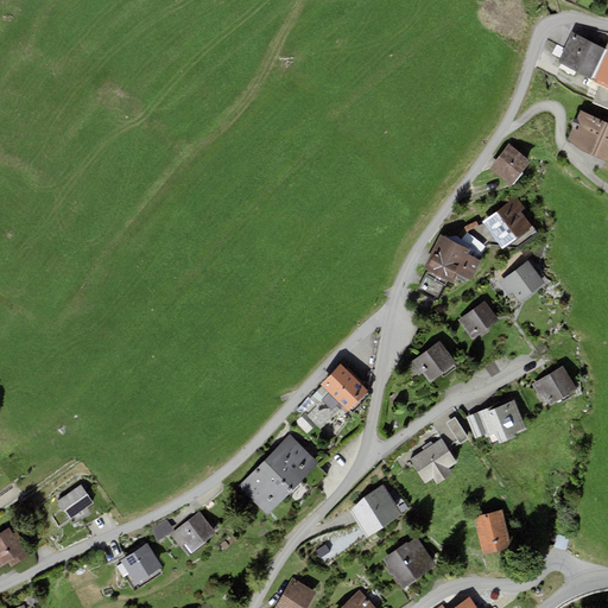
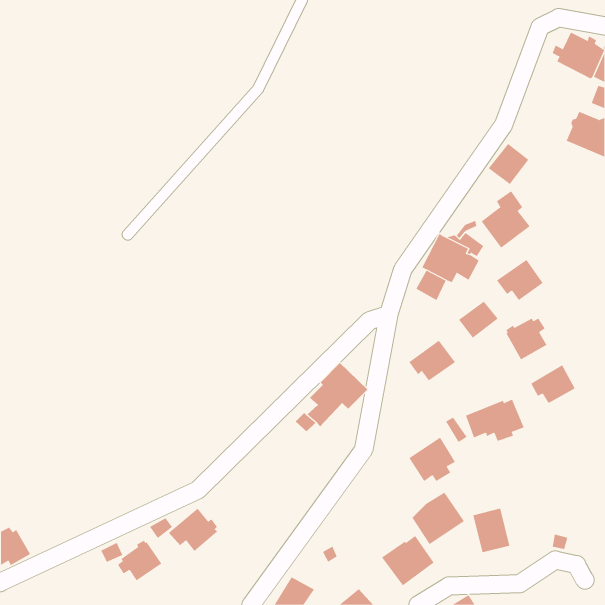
building: none -> [505,318,547,360]
building: [239,435,318,514] -> none
building: [350,484,404,538] -> [412,492,465,545]
building: [58,486,93,519] -> none

